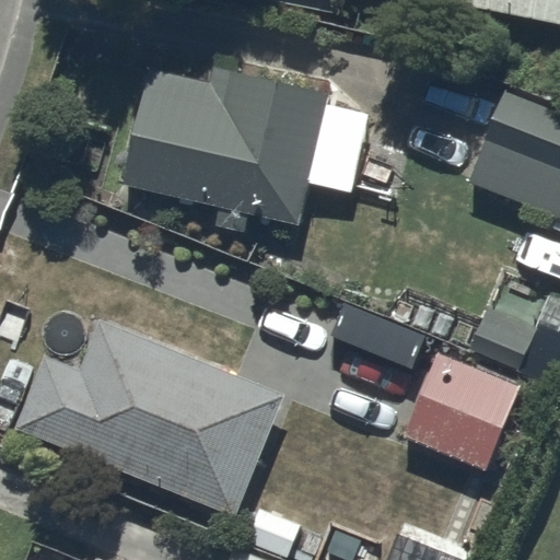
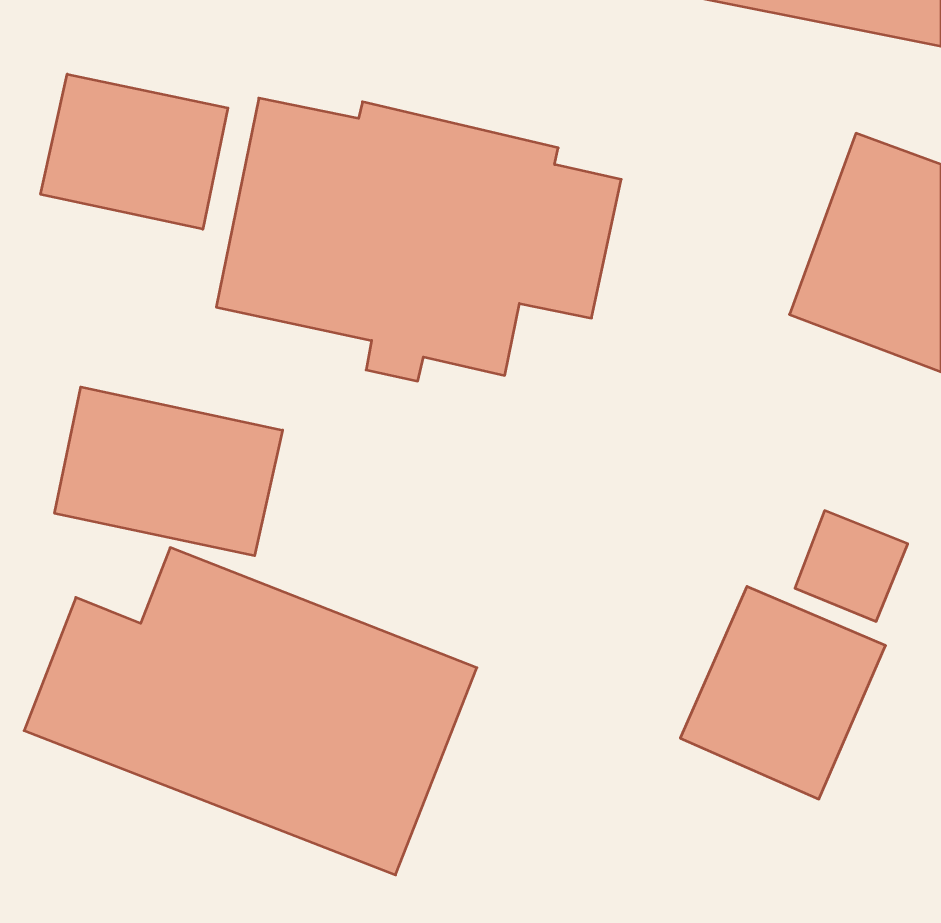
building: none -> [41,74,228,229]
building: none -> [55,387,283,556]

